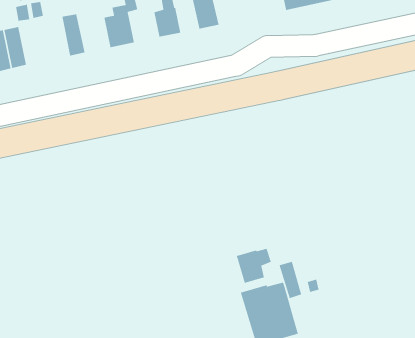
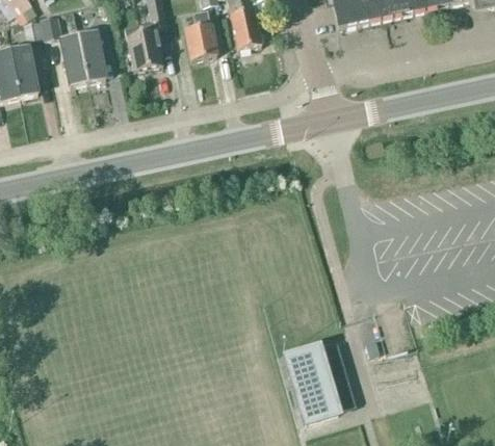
building: none -> [59,32,86,83]
building: [236,248,272,284] -> none
building: [279,261,302,299] -> none

